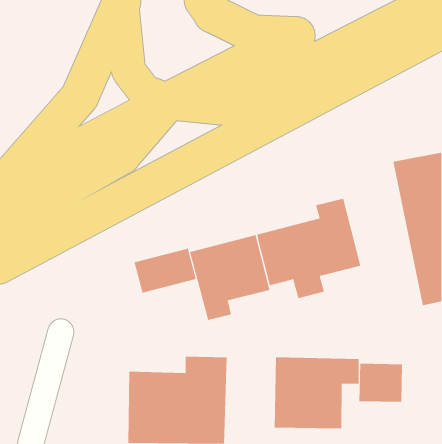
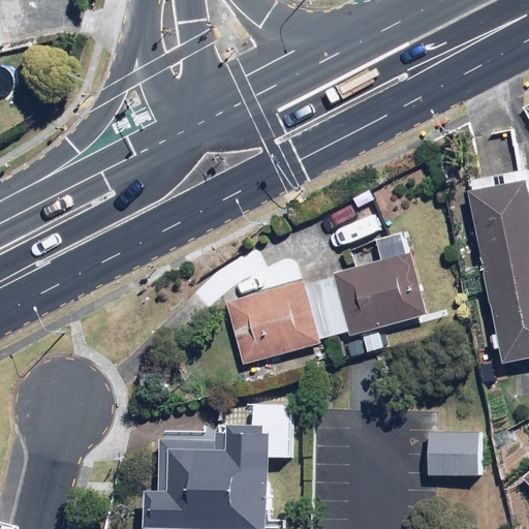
building: [134,248,197,294] -> none
building: [274,356,359,429] -> none

